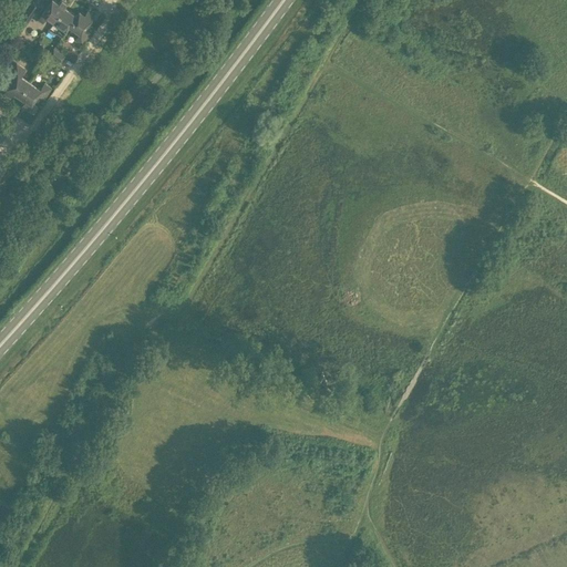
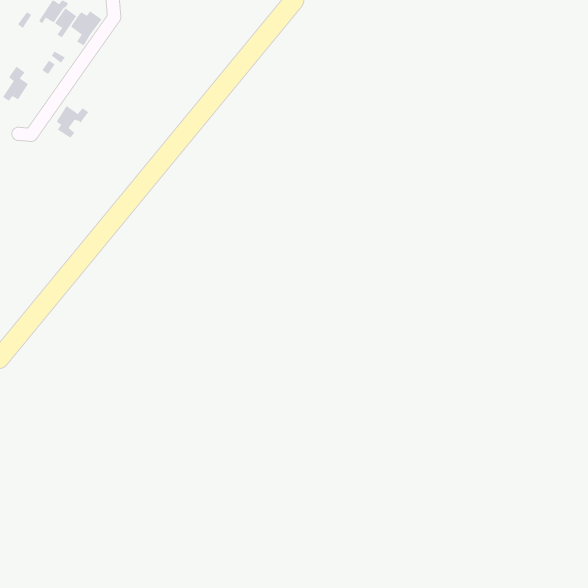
building: [18,82,50,114] -> [56,105,89,139]

